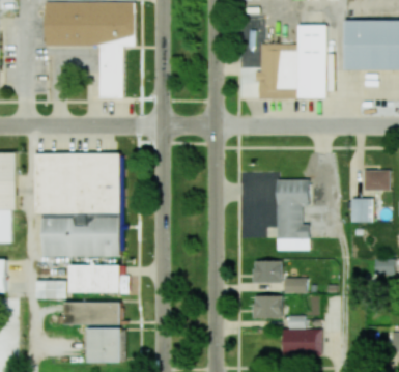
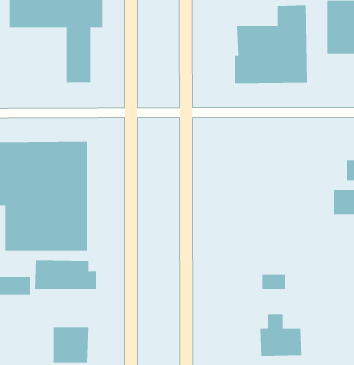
building: [277,179,309,250] -> none
building: [252,260,281,283] -> none
building: [252,295,281,317] -> none
building: [63,301,120,324] -> none

